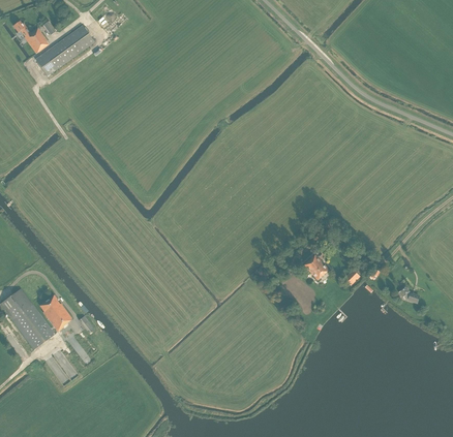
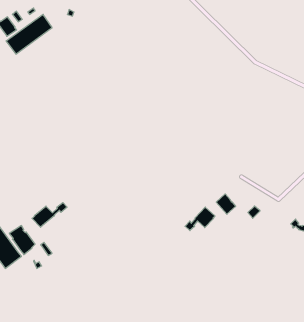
building: none -> [32,203,67,227]
building: none -> [185,207,215,231]

